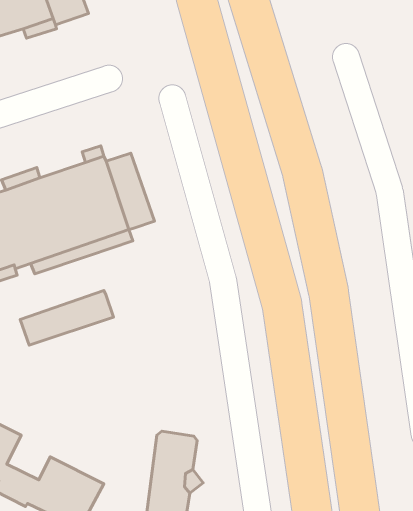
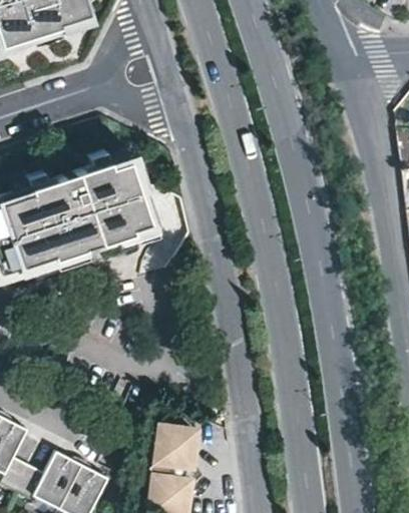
building: [20,291,114,345] -> none

